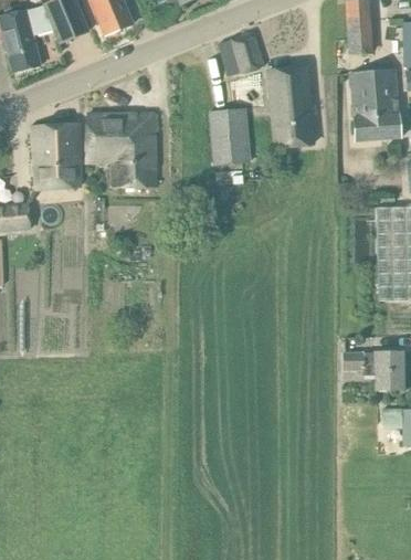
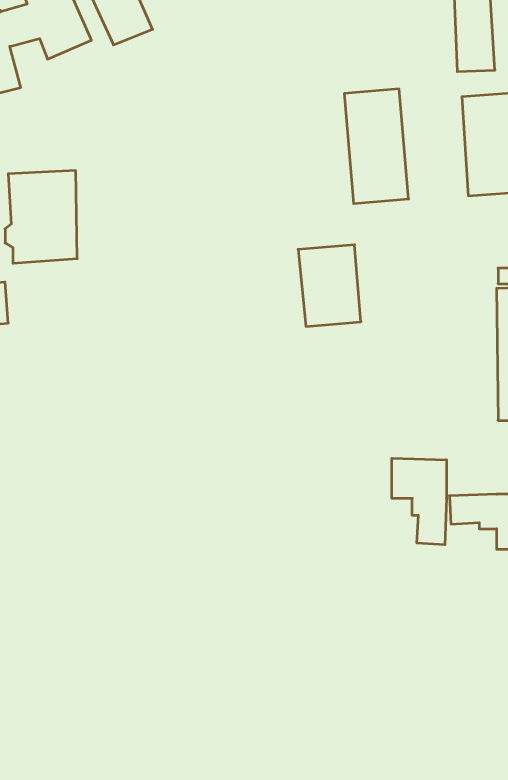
building: [218,29,265,75] -> none
building: [207,107,251,165] -> [298,245,361,326]
building: [85,112,156,184] -> none
building: none -> [392,458,446,545]

